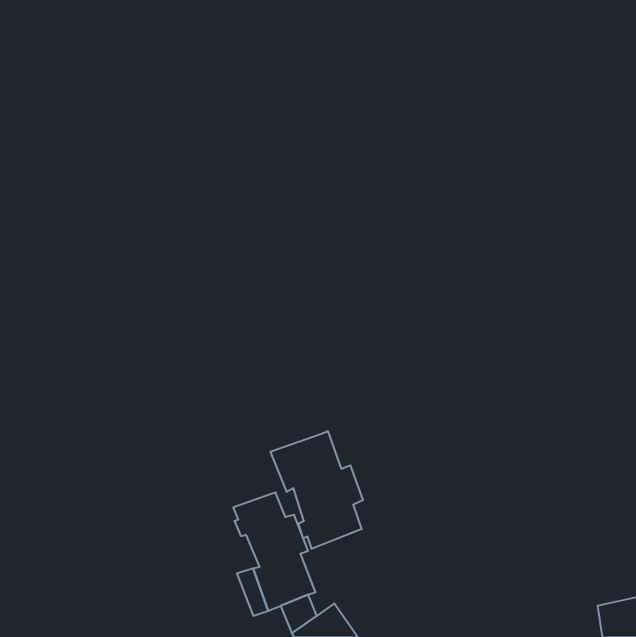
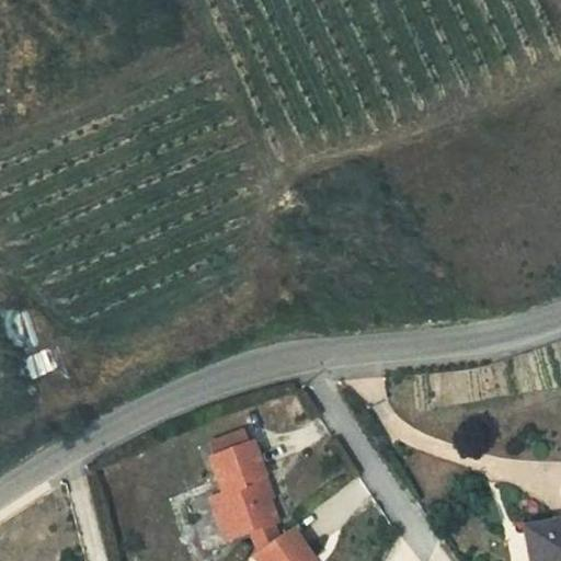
building: [271,431,363,549] -> none

